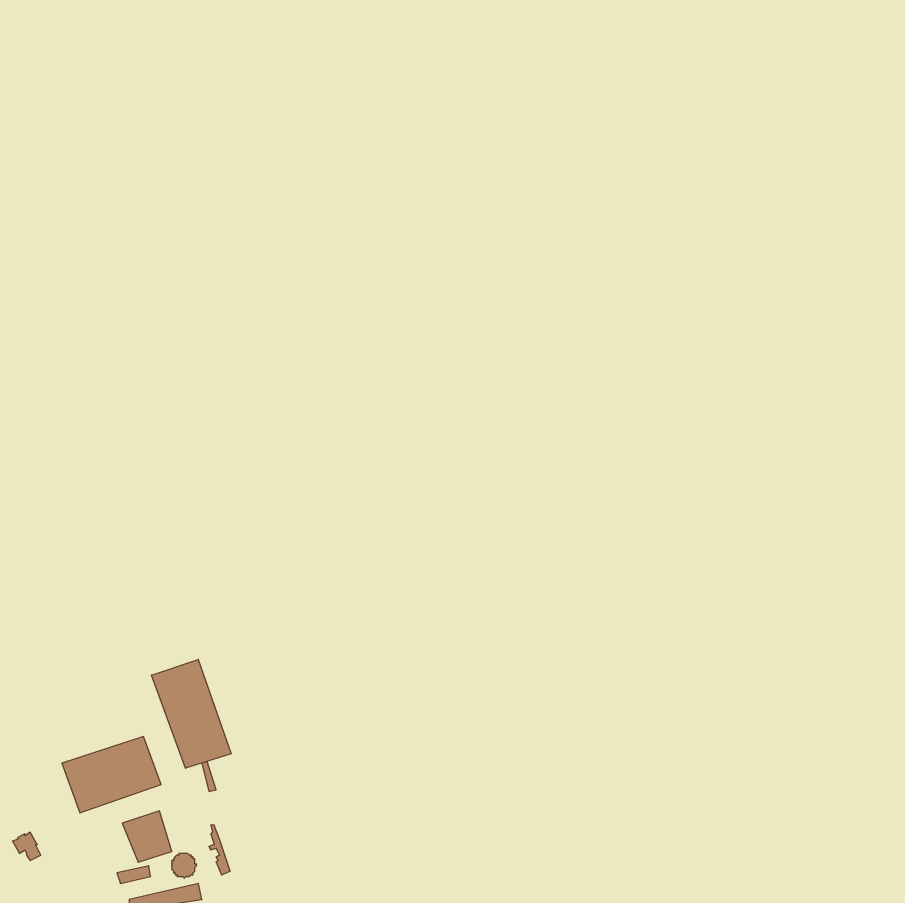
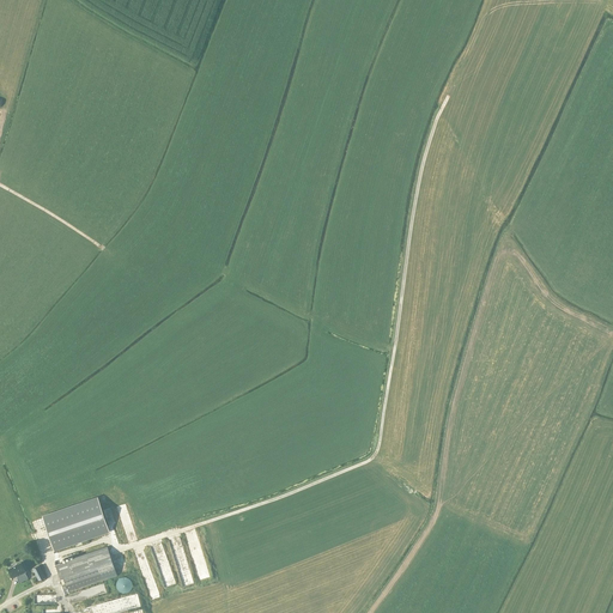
building: [151,659,231,768] -> none
building: none -> [55,558,93,594]

